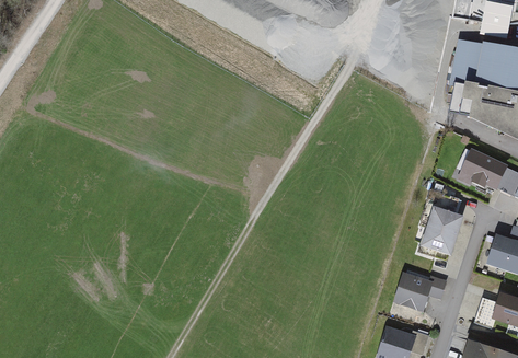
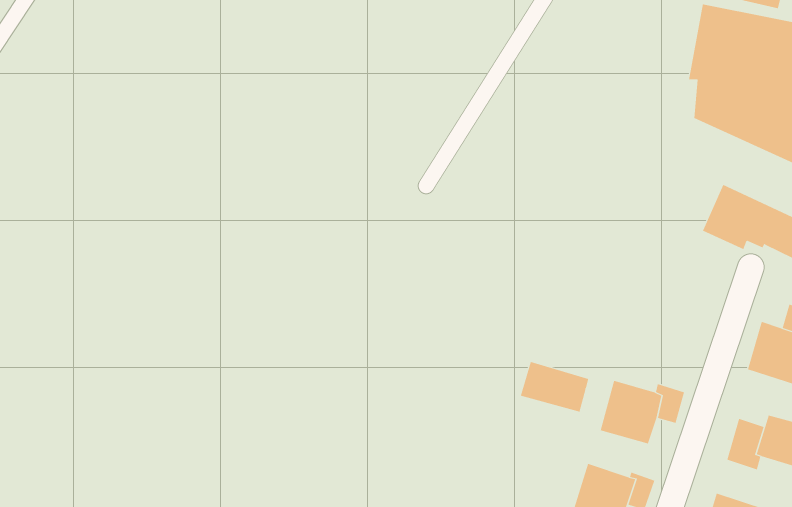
building: [417,208,462,257] -> none
building: none -> [520,361,589,412]

